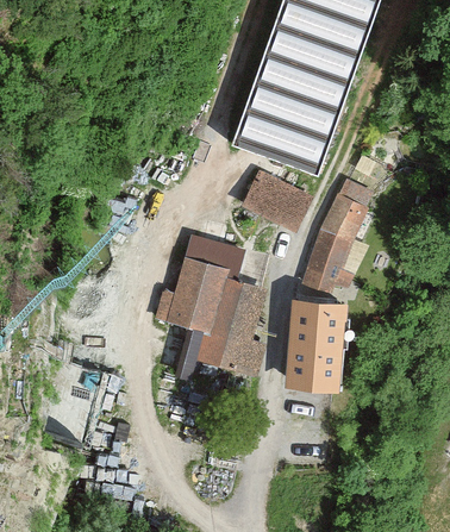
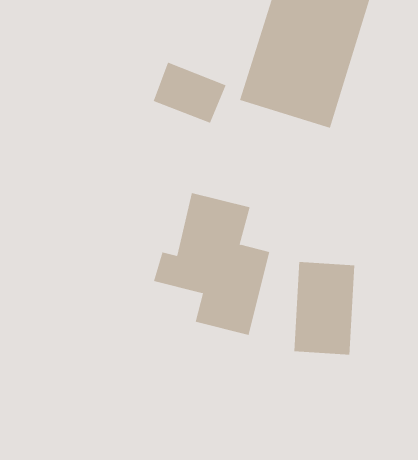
building: [242,171,313,231] -> [153,62,227,123]
building: [301,180,371,295] -> none

